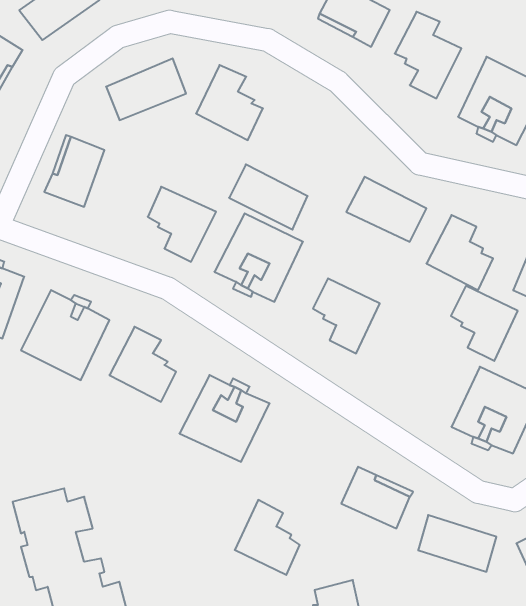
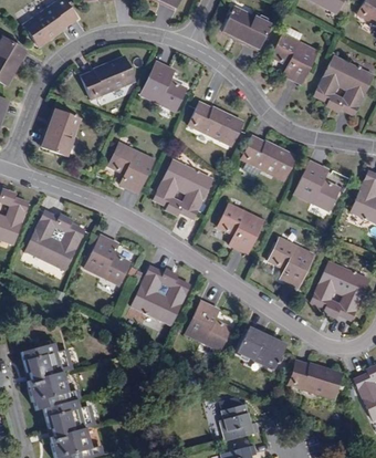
building: [229,164,308,230] -> [189,101,241,144]
building: [451,286,518,361] -> [270,237,314,287]
building: [235,500,300,575] -> [186,300,229,350]

